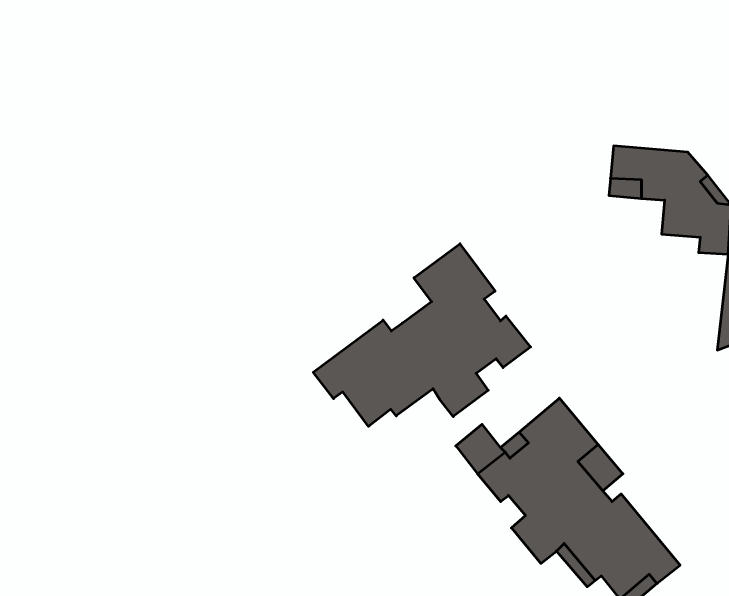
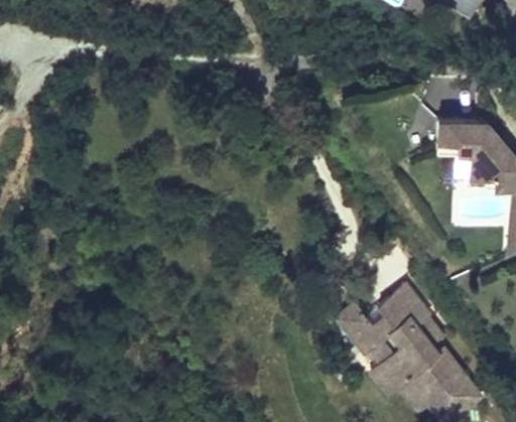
building: [313,244,531,426] -> none

